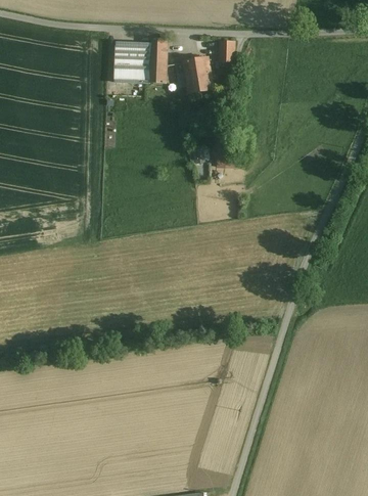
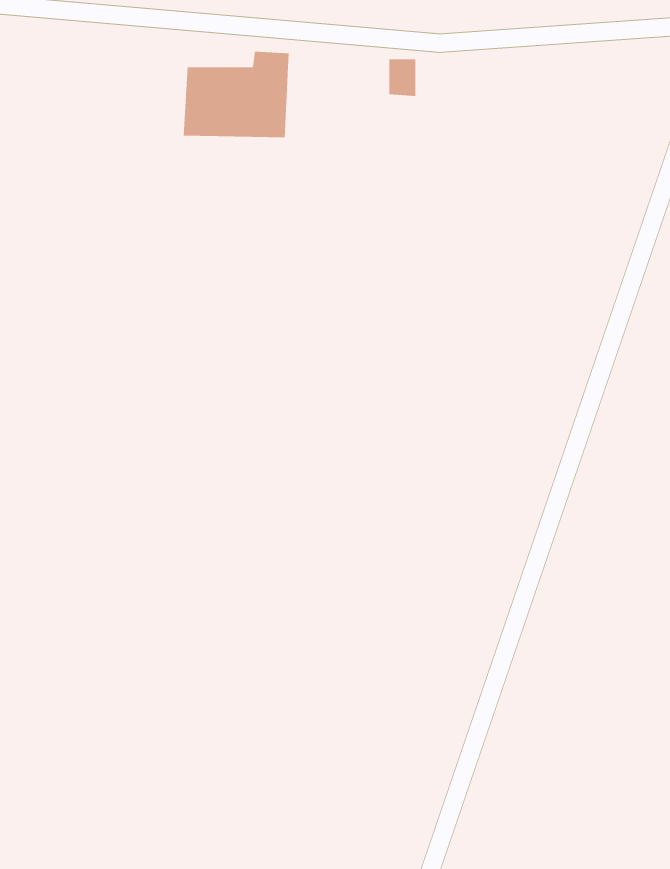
building: [175,56,213,92] -> none

